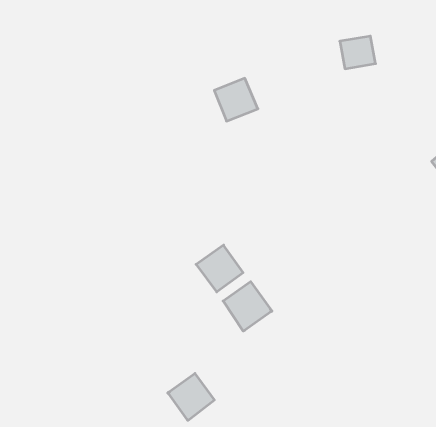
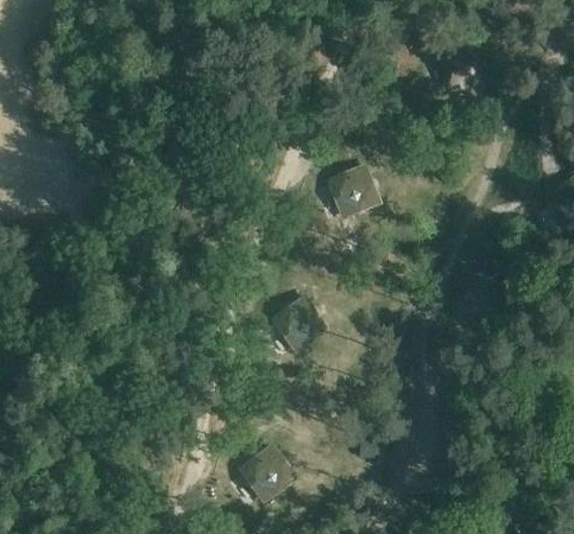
building: [214,78,258,121] -> [328,166,379,216]
building: [223,282,272,331] -> none

